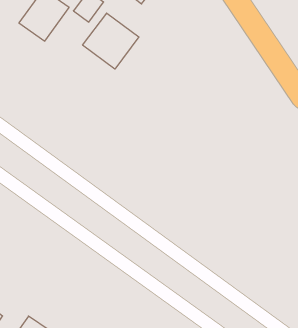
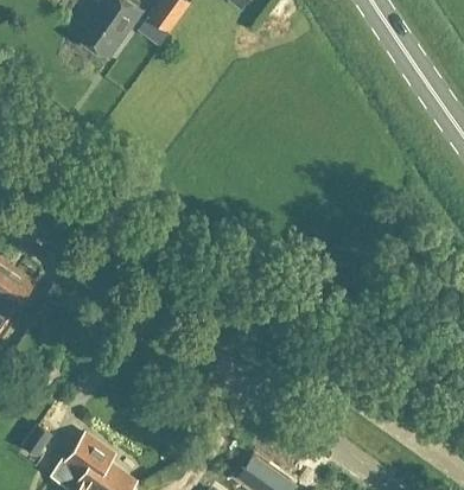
building: [83,13,139,69] -> none

